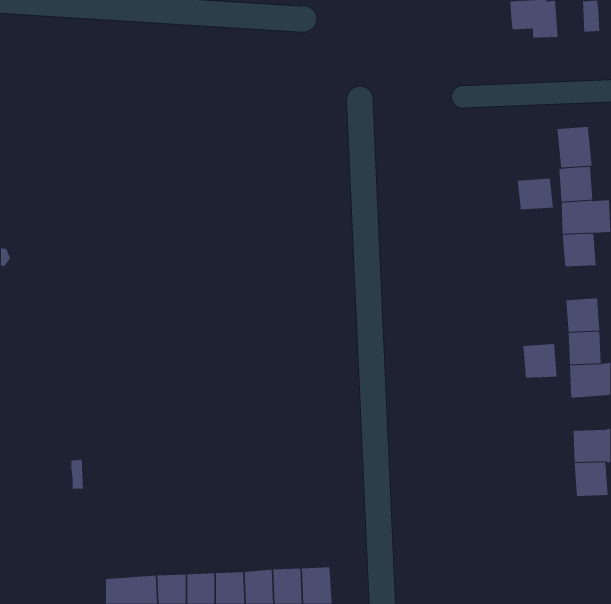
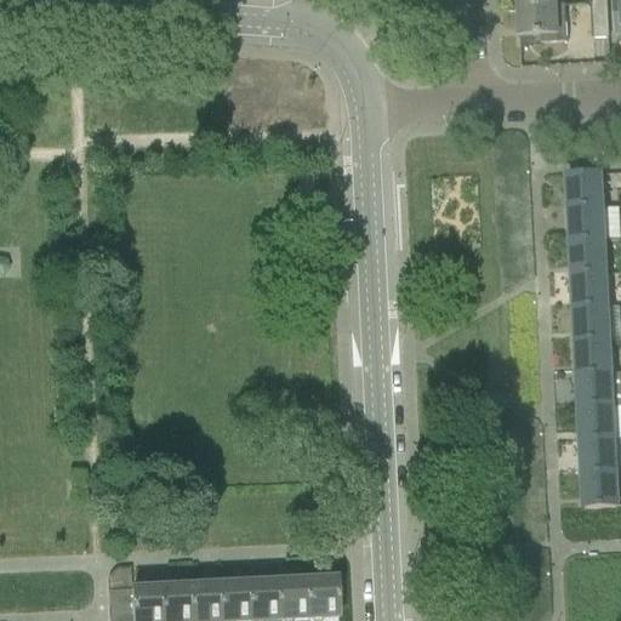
building: [557,126,592,168] -> none
building: [517,178,554,210] -> none
building: none -> [572,269,606,304]
building: [523,343,557,378] -> [579,401,614,437]

